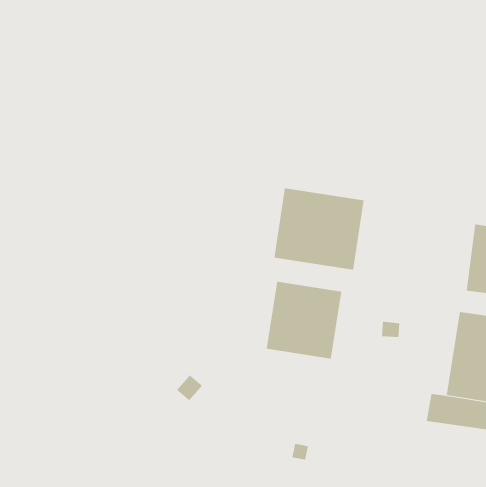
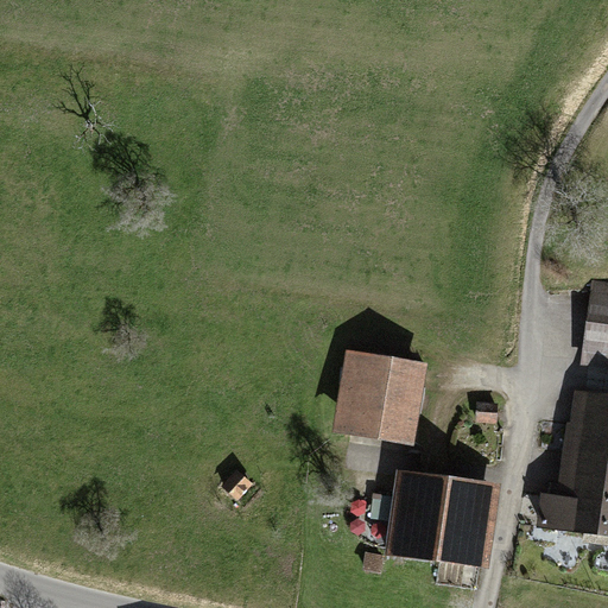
building: [274,187,364,270] -> none
building: none -> [387,468,499,569]

